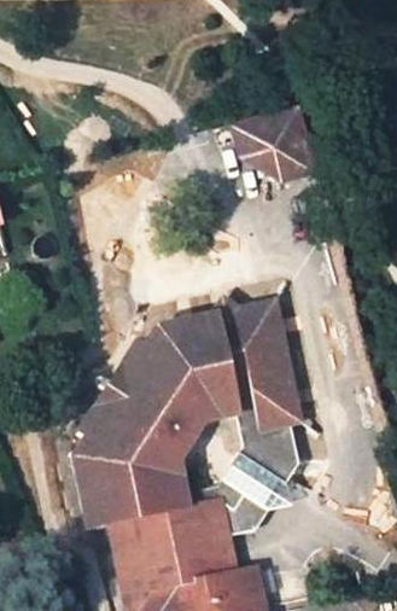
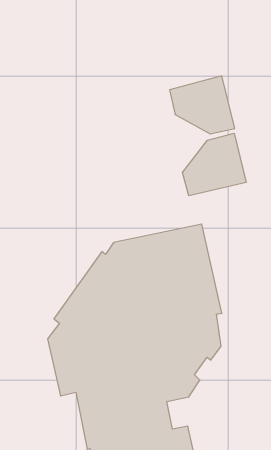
building: none -> [183,133,246,196]

